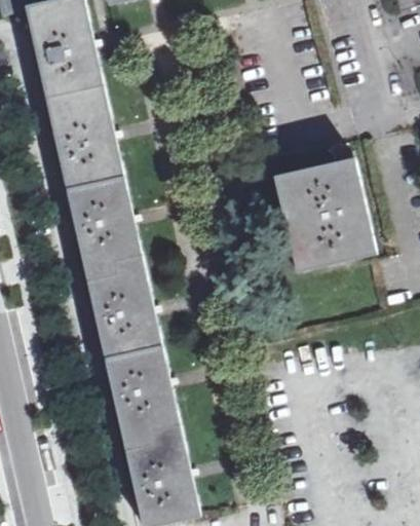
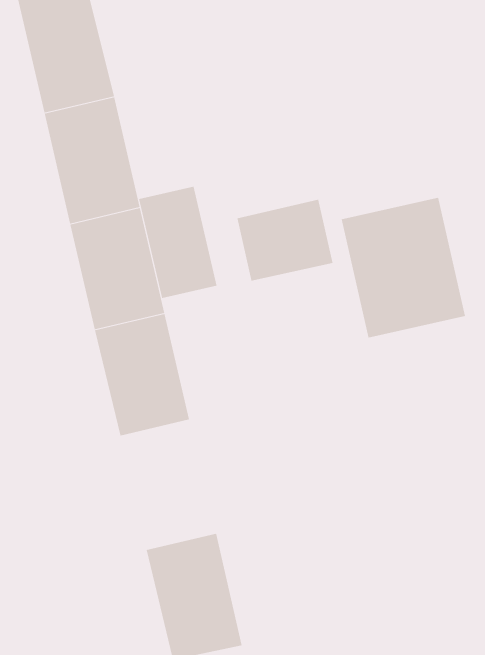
building: none -> [139,186,217,299]
building: none -> [237,199,333,282]
building: [104,336,181,440] -> none

